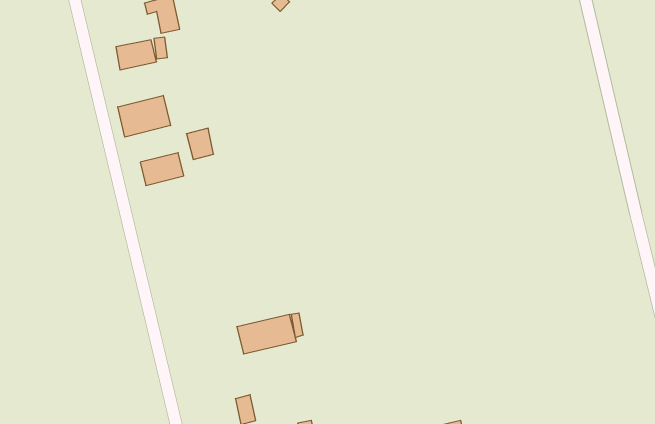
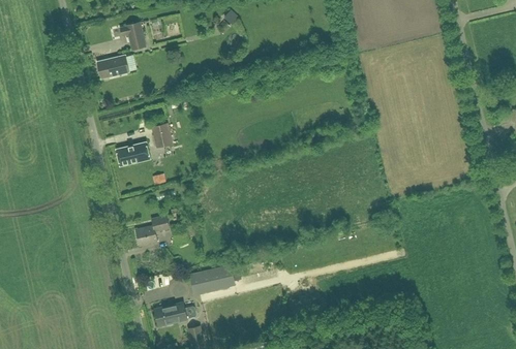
building: [118,95,170,137] -> none
building: none -> [134,215,168,246]
building: none -> [154,303,195,325]

